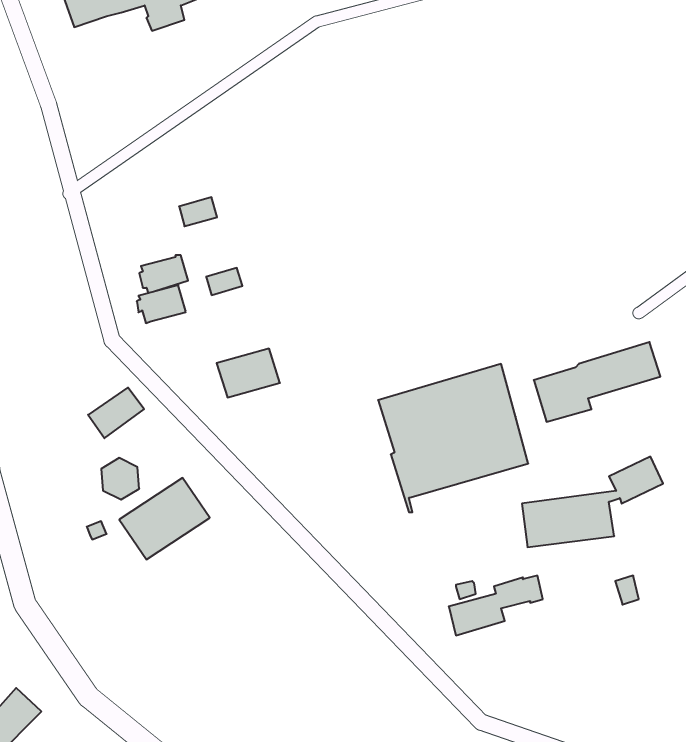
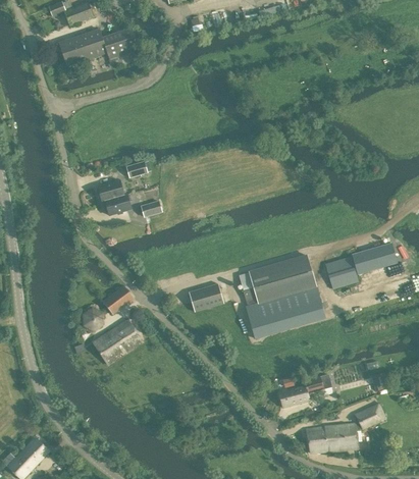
building: [137,285,186,323] -> [96,178,123,200]
building: [217,349,280,397] -> [188,282,223,310]
building: [88,388,144,438] -> [102,284,134,313]
building: [522,457,663,547] -> [306,402,385,453]

